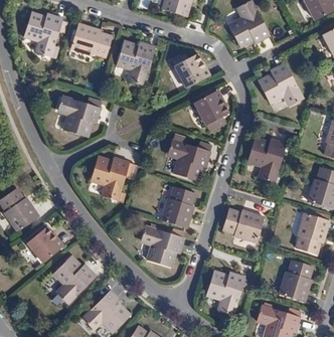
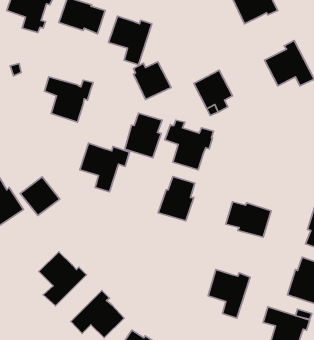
building: [175,53,209,88] -> [133,62,171,100]
building: none -> [125,113,162,158]
building: [247,138,286,182] -> none
building: [141,225,183,268] -> none
building: [26,226,62,262] -> [20,177,60,216]

